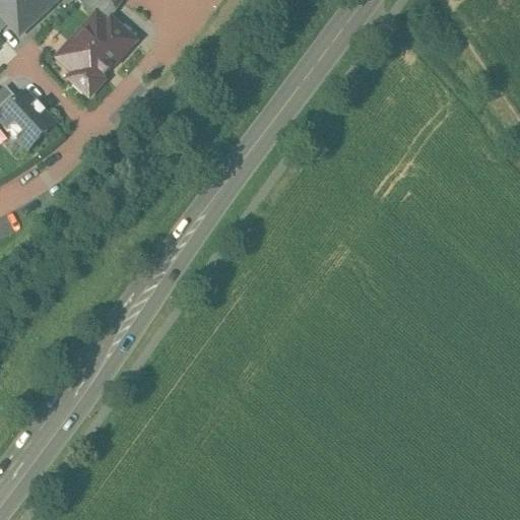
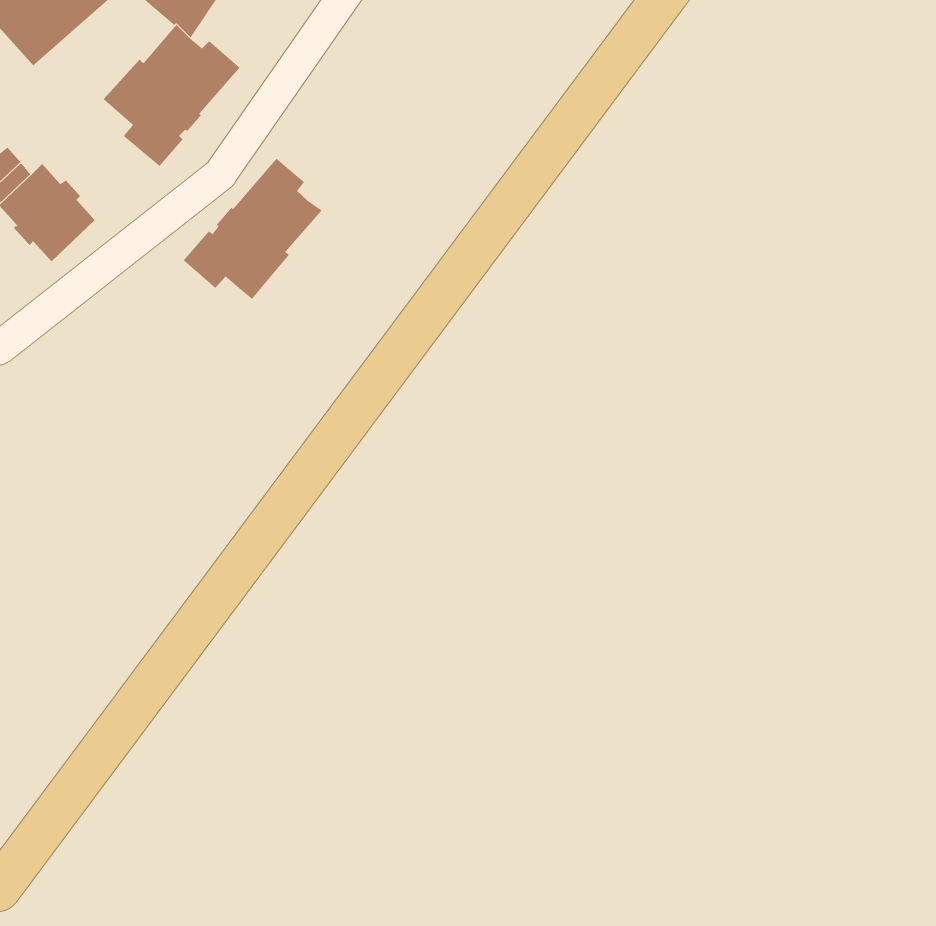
building: none -> [183,158,322,300]

